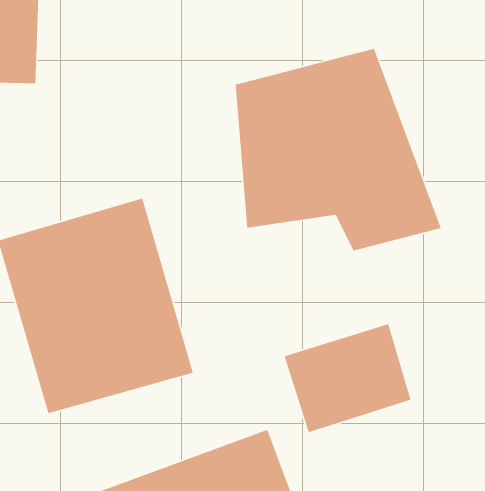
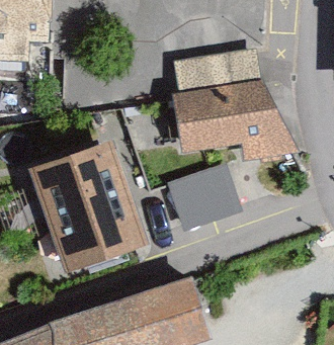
building: [284,323,412,433] -> [160,160,239,228]

